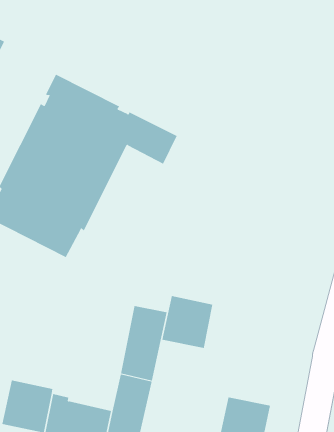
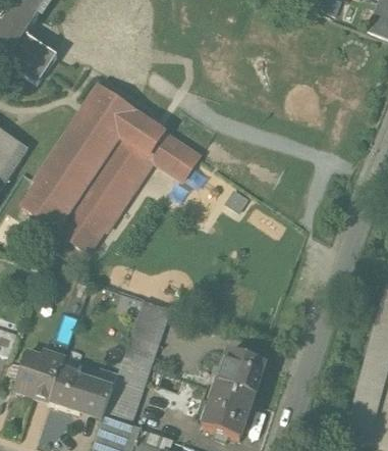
building: [161,295,213,349] -> [215,349,264,399]

